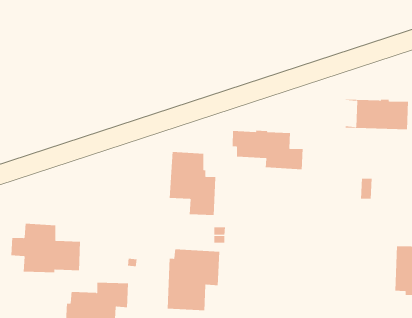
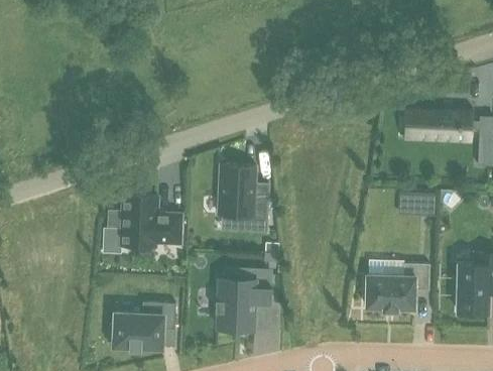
building: [232,130,303,170] -> none
building: [10,223,81,273] -> [108,195,182,247]
building: none -> [366,263,429,311]

